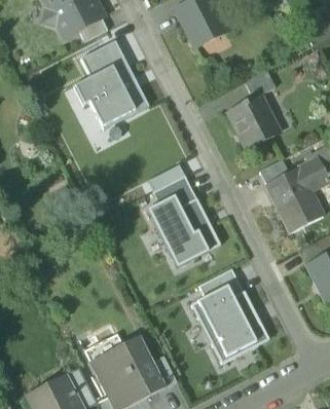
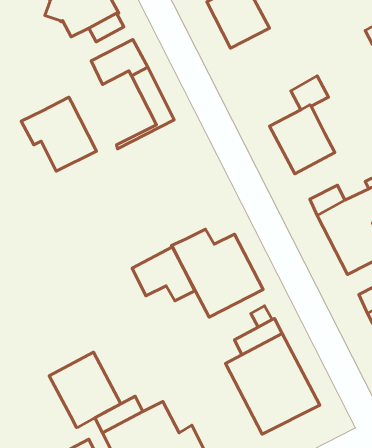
building: [72,66,134,126] -> [21,97,96,171]
building: [146,163,197,208] -> [132,247,195,301]
building: none -> [49,352,121,427]

